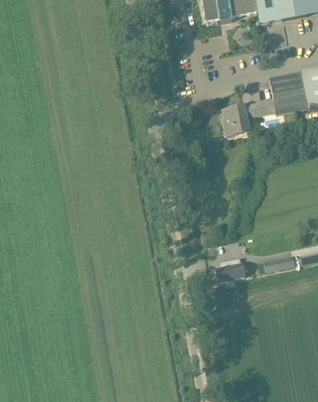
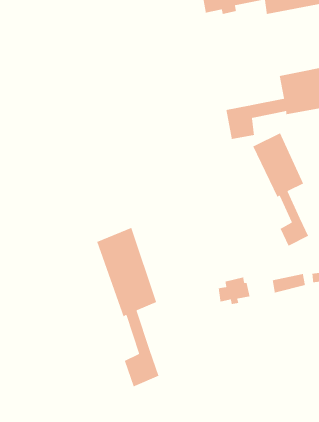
building: none -> [252,132,309,247]
building: none -> [96,227,160,387]

